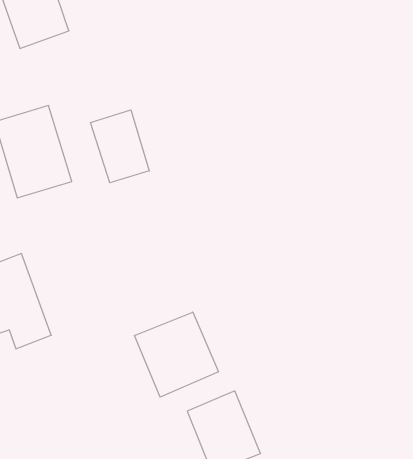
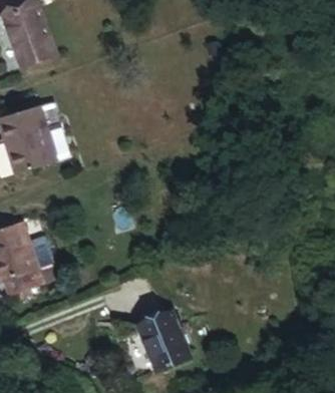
building: [90,110,149,183] -> none
building: [135,312,218,397] -> none

